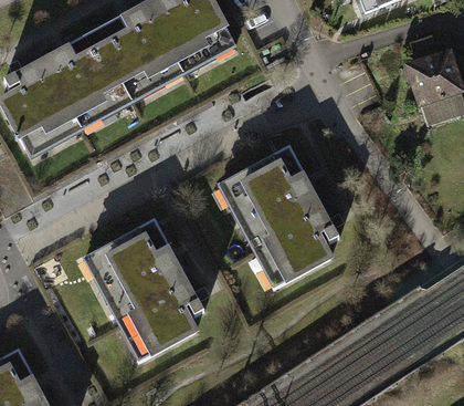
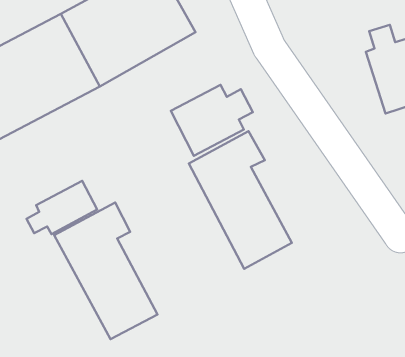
building: none -> [171,85,253,156]
building: none -> [26,181,97,234]

